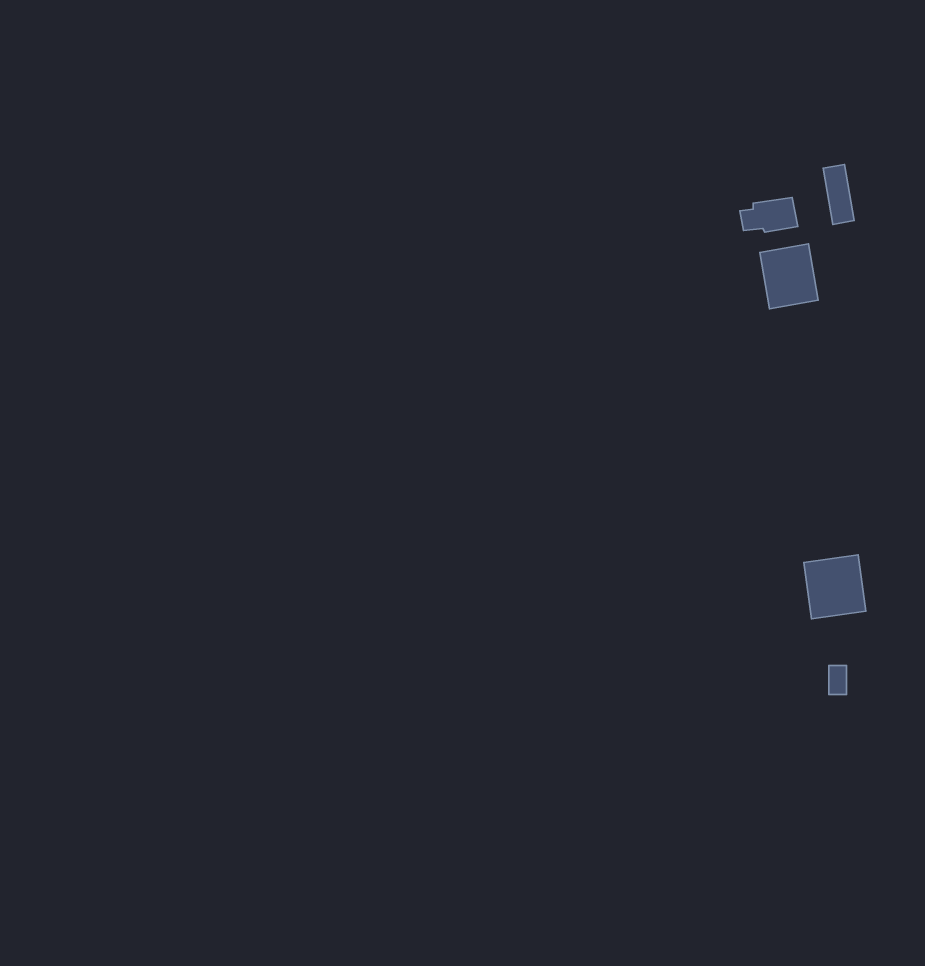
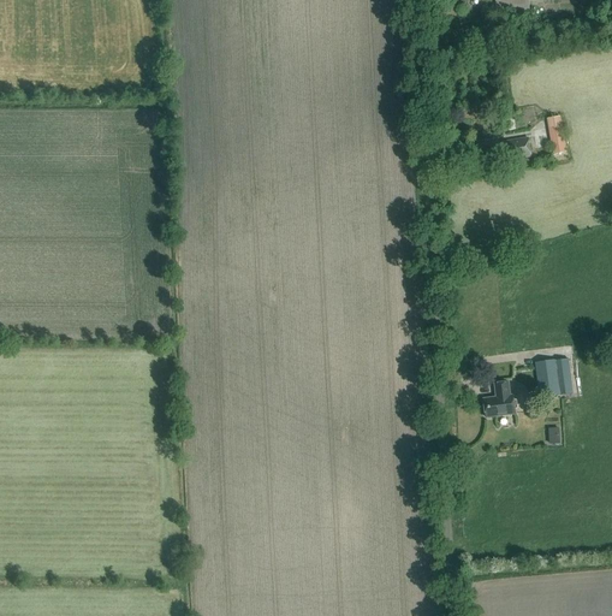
building: [760,244,818,309] -> none
building: none -> [483,380,516,415]

